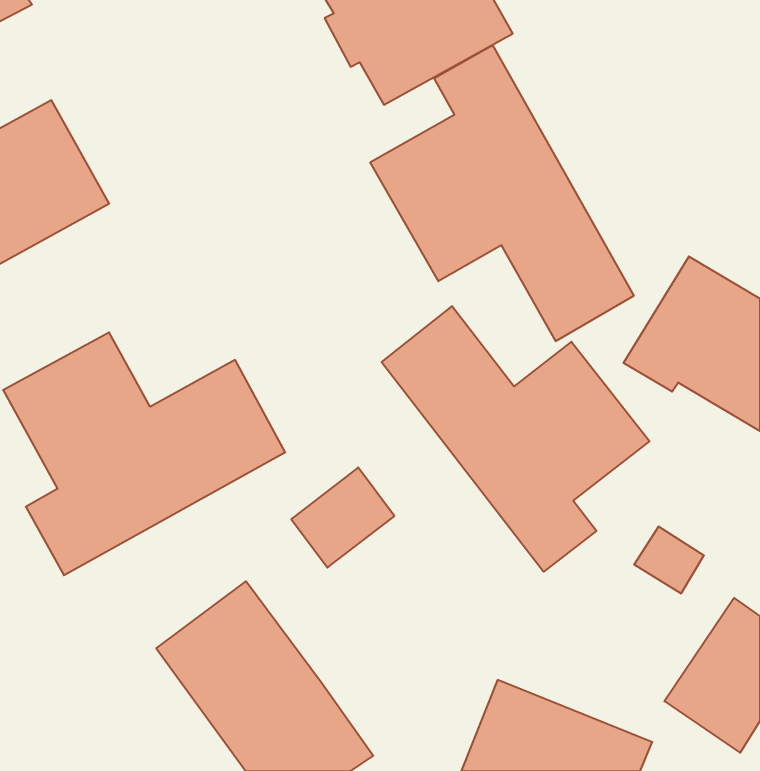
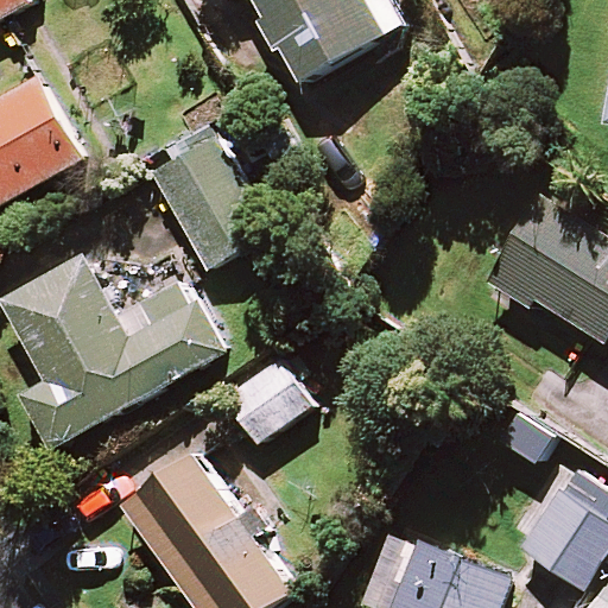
building: [370,45,634,341] -> none
building: none -> [148,122,266,270]
building: [382,306,650,572] -> none

